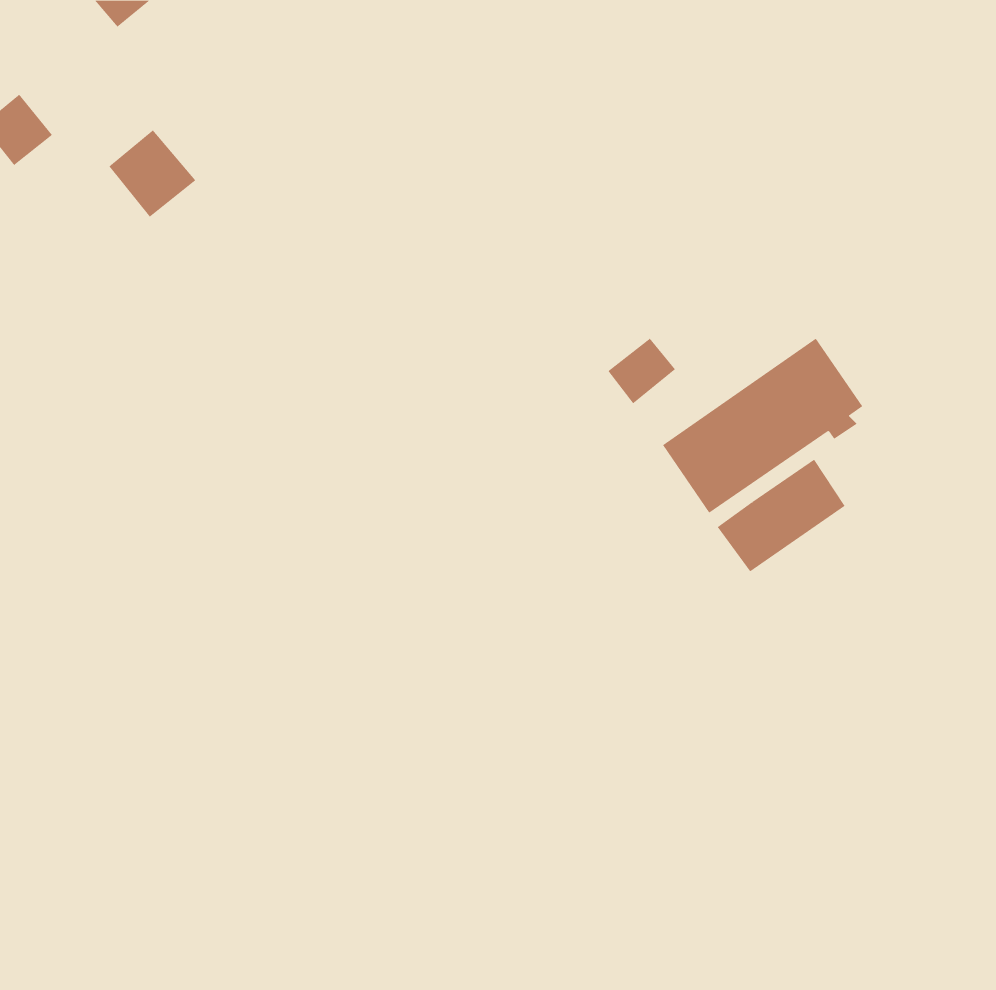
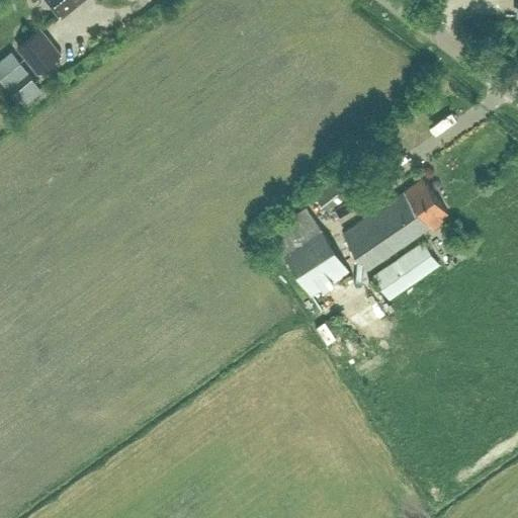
building: [108,130,196,217] -> [15,29,61,75]
building: none -> [267,207,349,298]

